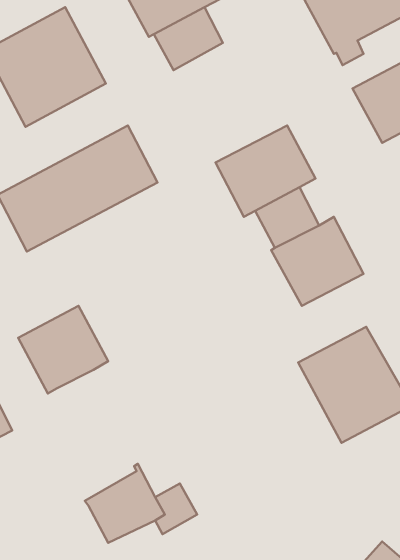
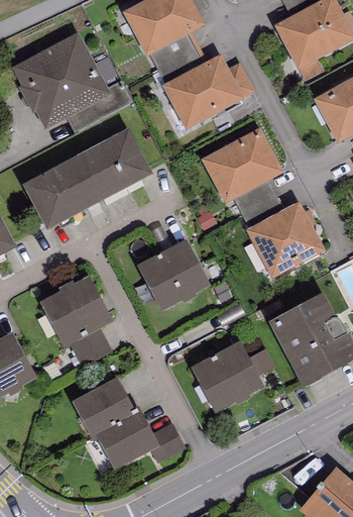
building: none -> [161,54,254,129]
building: none -> [136,238,211,311]
building: none -> [71,328,112,366]
building: none -> [192,341,263,412]
building: none -> [72,377,136,440]

